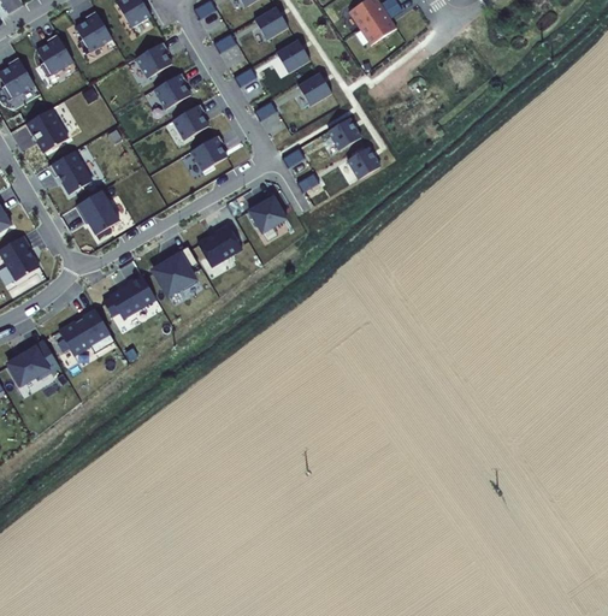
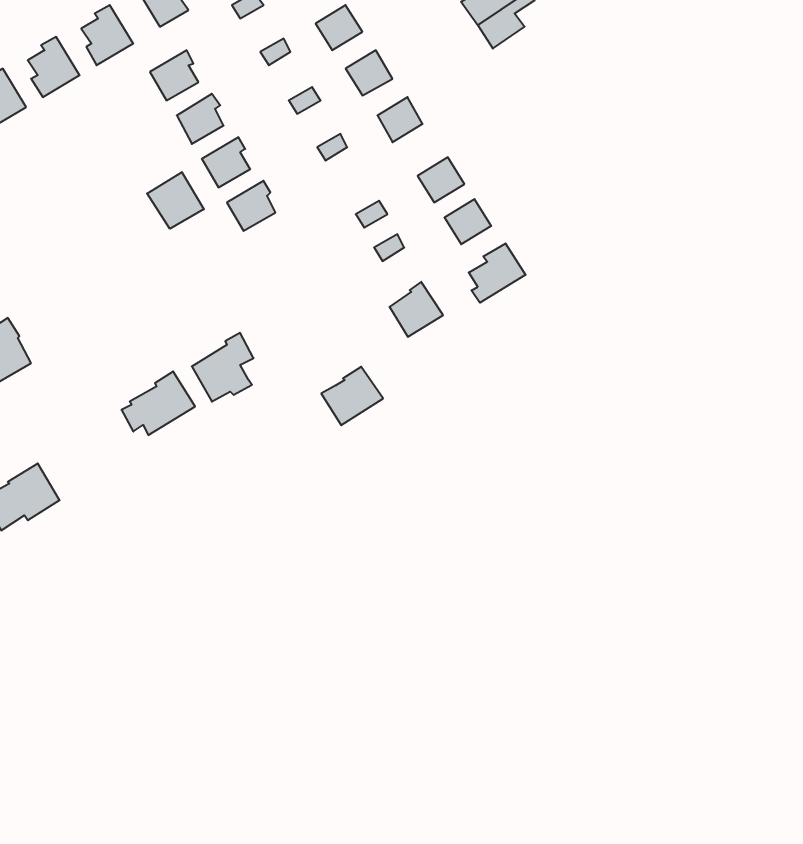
building: [29,108,71,153] -> none
building: none -> [147,172,204,229]
building: [51,149,98,195] -> none
building: none -> [469,243,526,303]
building: [75,185,118,232] -> none
building: [252,196,290,236] -> [389,282,443,337]
building: [200,226,244,268] -> [321,367,383,425]
building: [61,310,118,356] -> none

